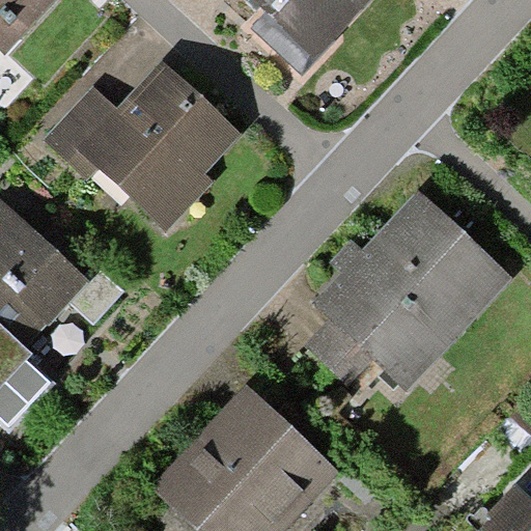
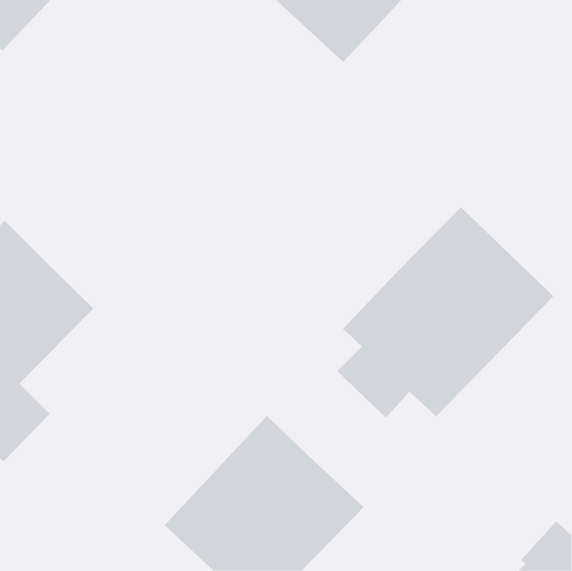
building: [38,71,239,231] -> none

